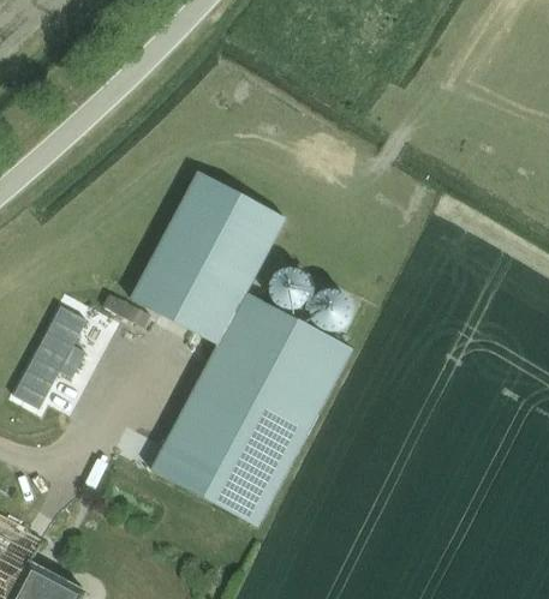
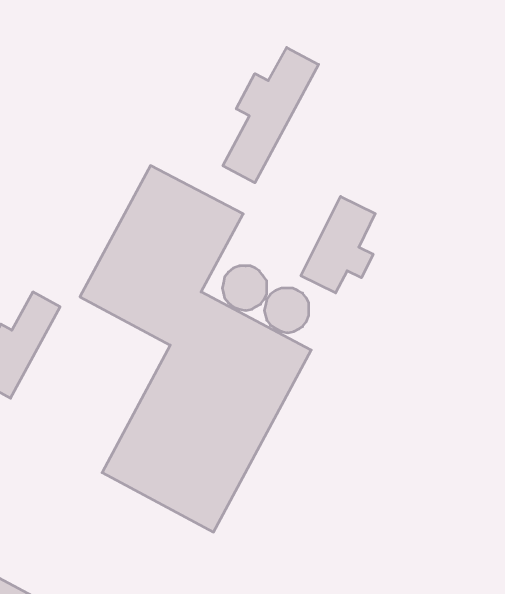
building: none -> [223,47,319,183]
building: none -> [301,196,375,293]

